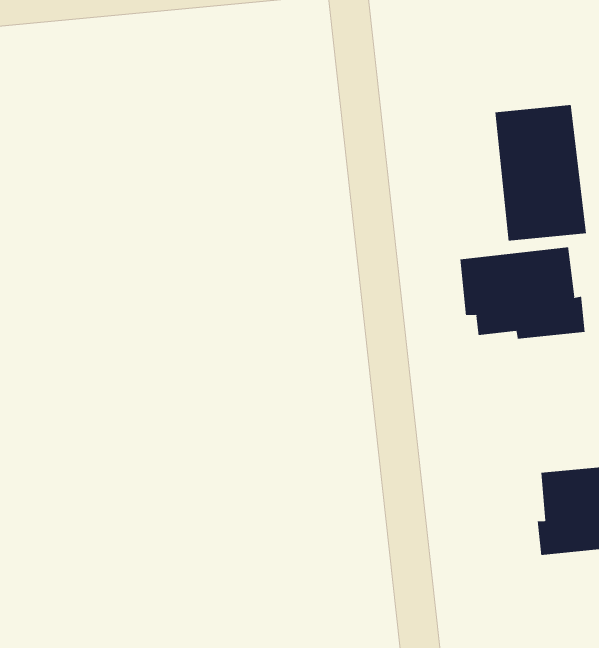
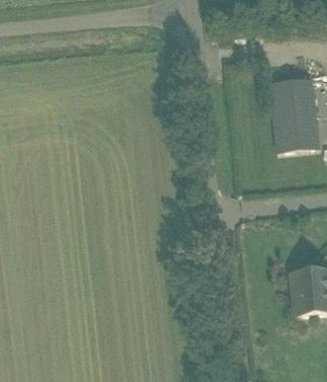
building: [460,247,585,339] -> none

